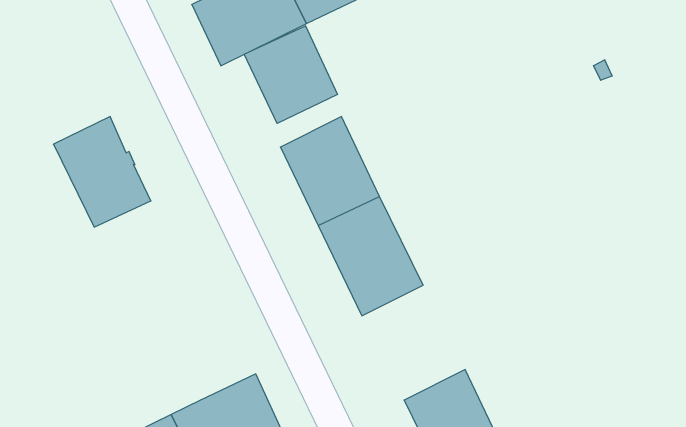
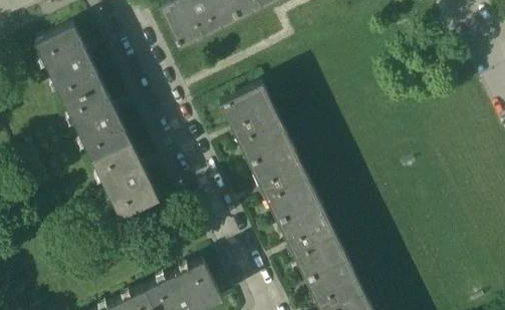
building: [244,26,337,123] -> none
building: none -> [35,25,103,102]
building: none -> [92,141,160,219]
building: none -> [277,200,348,279]

